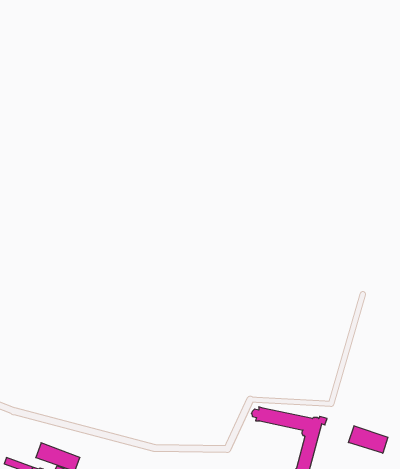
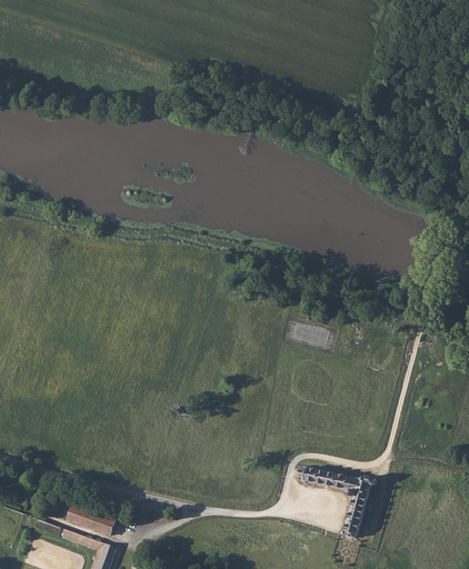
building: [348,426,388,453] -> none

